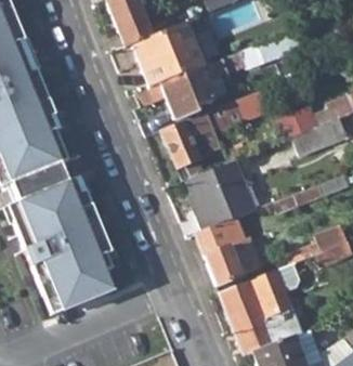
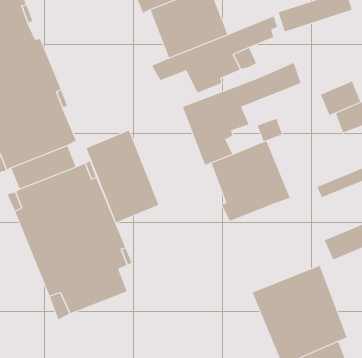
building: none -> [86,130,159,223]
building: [197,214,264,284] -> none

